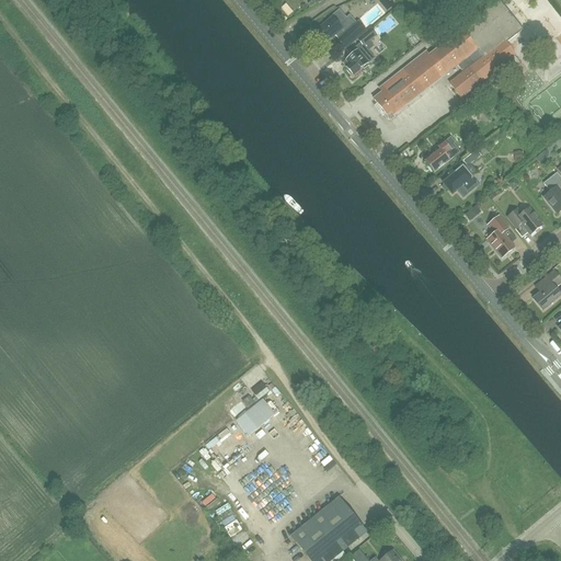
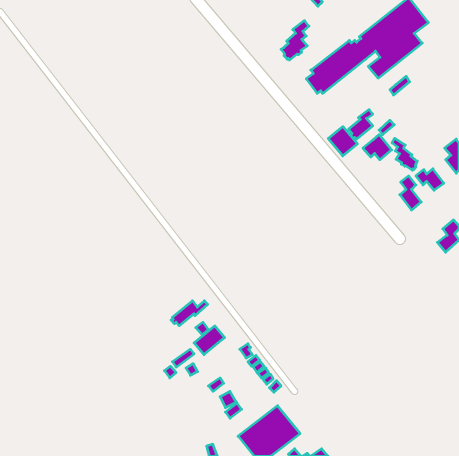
building: [319,8,366,45] -> none
building: none -> [328,127,357,156]
building: none -> [392,138,417,170]
building: none -> [171,301,208,326]

